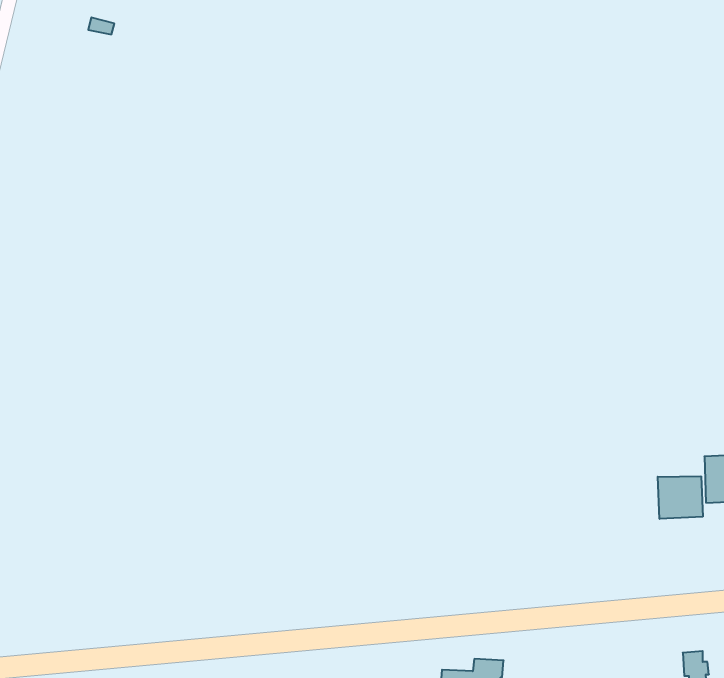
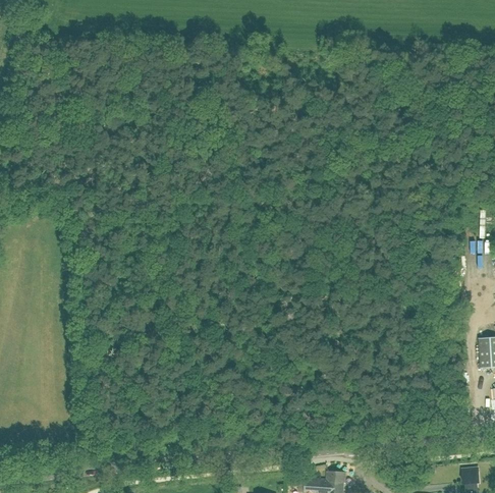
building: [658,476,703,519] -> none

